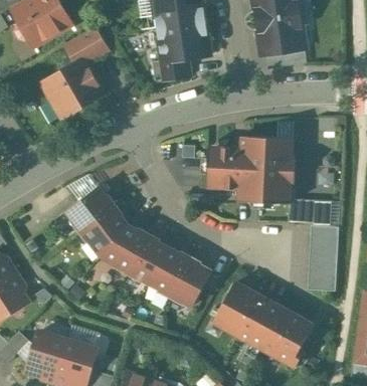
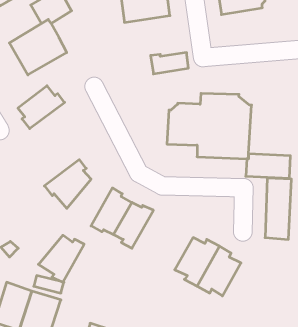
building: [151,58,190,80] -> [151,53,188,74]
building: [66,187,115,231] -> [18,86,65,129]
building: [102,224,149,272] -> [38,235,84,282]
building: [169,256,211,306] -> none
building: [262,311,313,367] -> none

